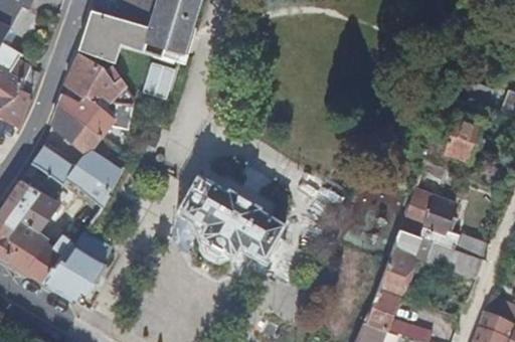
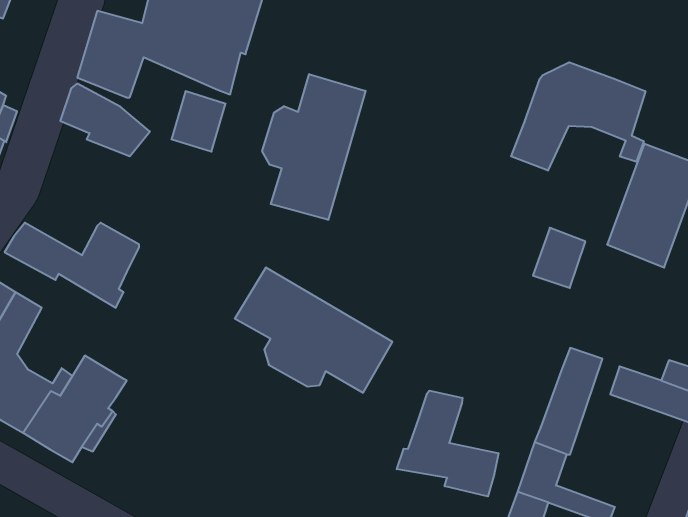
building: none -> [511,62,645,171]
building: none -> [262,74,366,220]
building: [52,92,132,146] -> none
building: [421,192,456,231] -> [533,228,585,288]
building: none -> [397,391,498,496]

